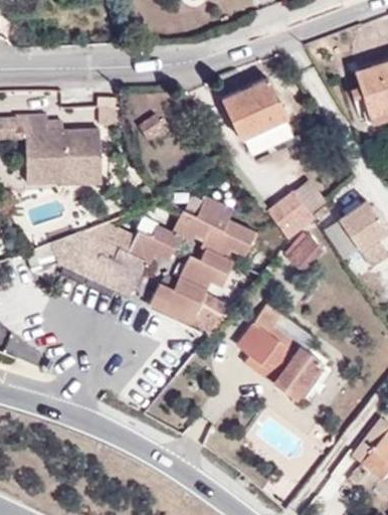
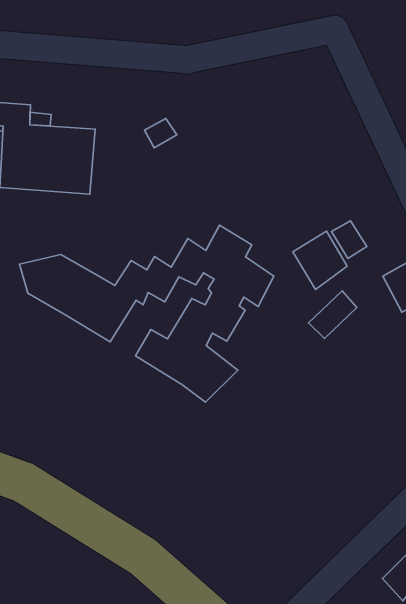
building: [223,77,284,137] -> none
building: [238,314,334,399] -> none

